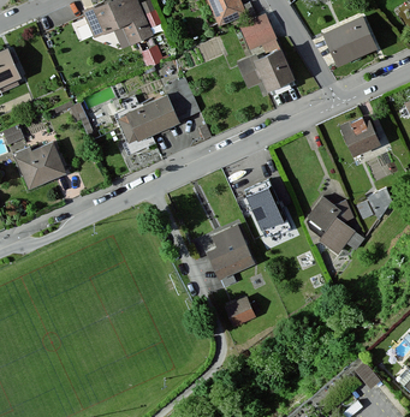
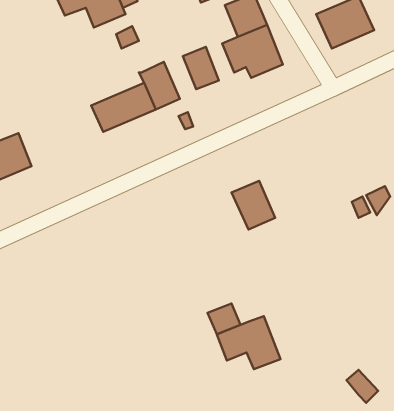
building: none -> [183,47,219,89]
building: [341,118,380,155] -> none
building: [309,197,364,254] -> none
building: [207,225,254,279] -> none
building: none -> [217,316,281,369]

